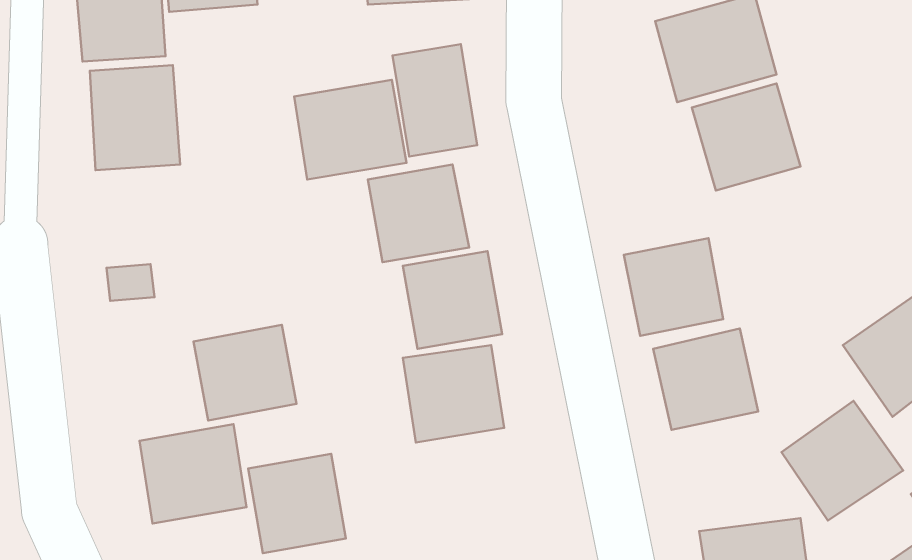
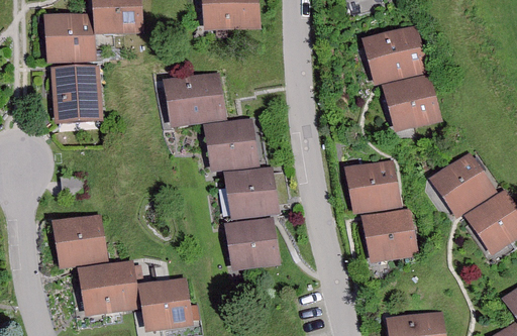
building: [393,44,477,157] -> none
building: [193,325,297,421] -> [51,213,108,265]
building: [782,401,903,520] -> [429,151,496,217]

